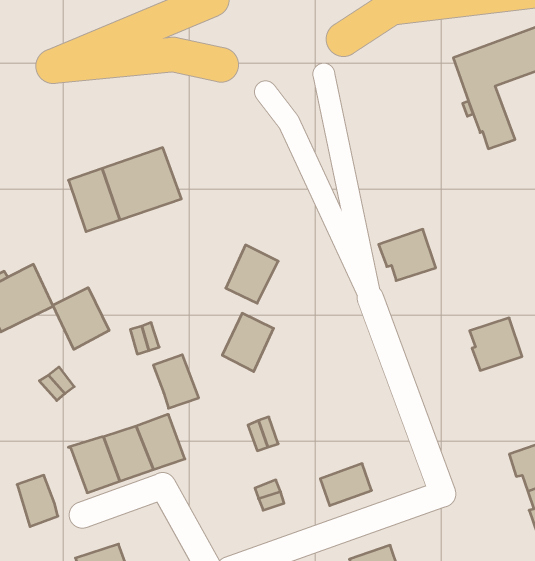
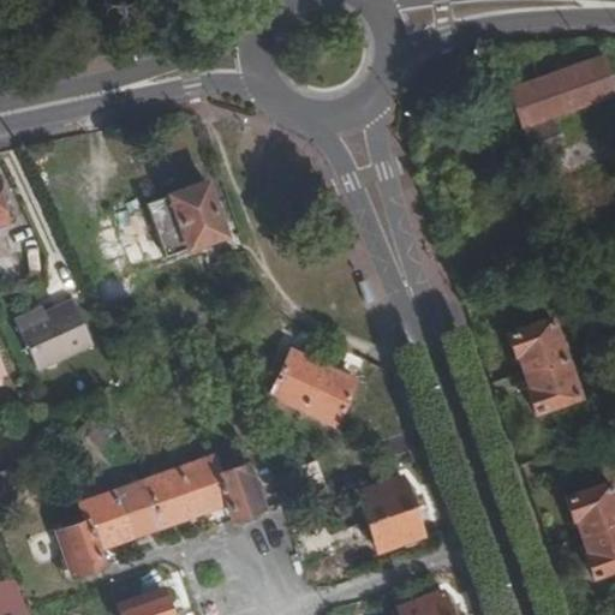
building: [379,229,436,281] -> [507,317,566,370]
building: [226,245,278,303] -> [303,368,357,428]
building: [53,288,109,349] -> none
building: [153,355,199,408] -> [221,462,268,518]
building: none -> [360,477,414,523]
building: none -> [80,490,131,548]

